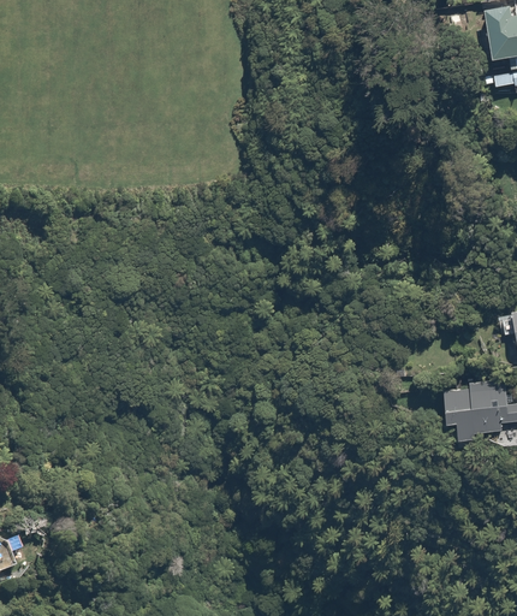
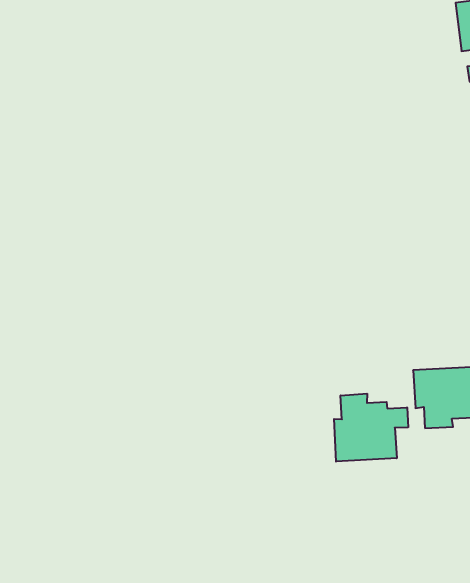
building: none -> [334,394,408,462]

